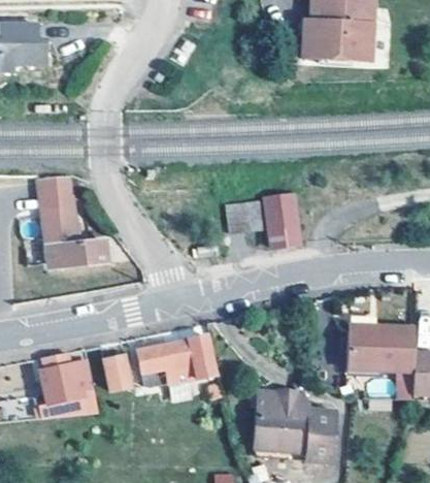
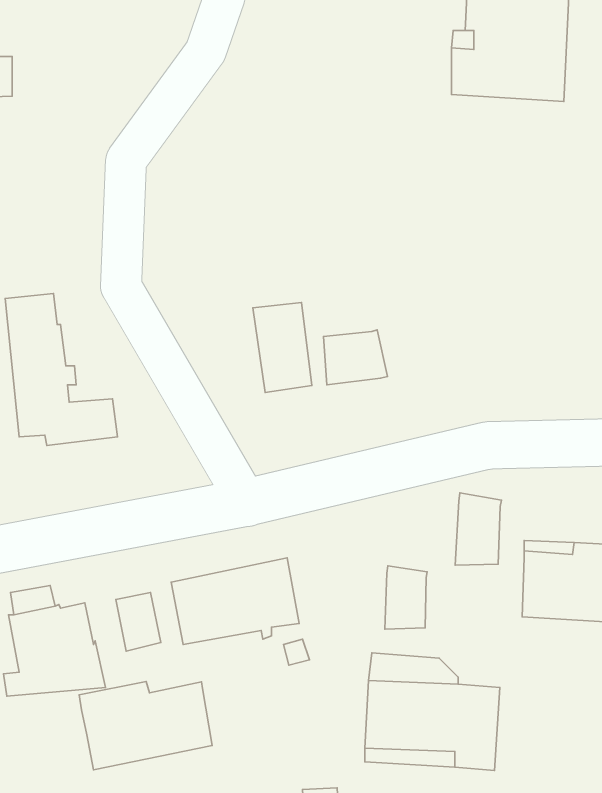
building: [264,193,299,247] -> [253,303,312,392]
building: none -> [455,493,502,565]
building: none -> [385,566,427,629]
building: none -> [79,681,212,770]

